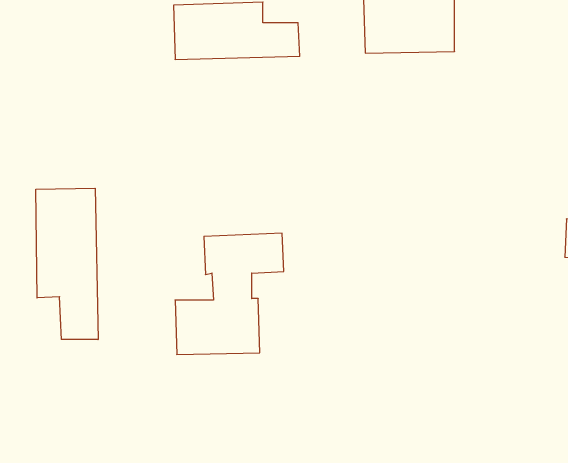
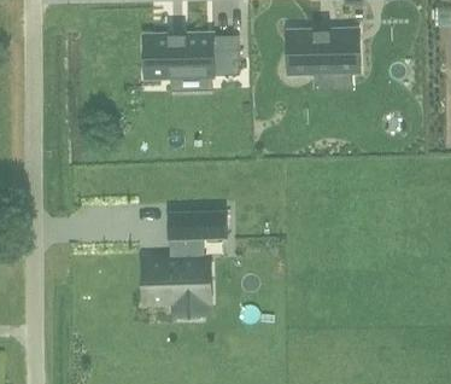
building: [36,188,98,340] -> none

